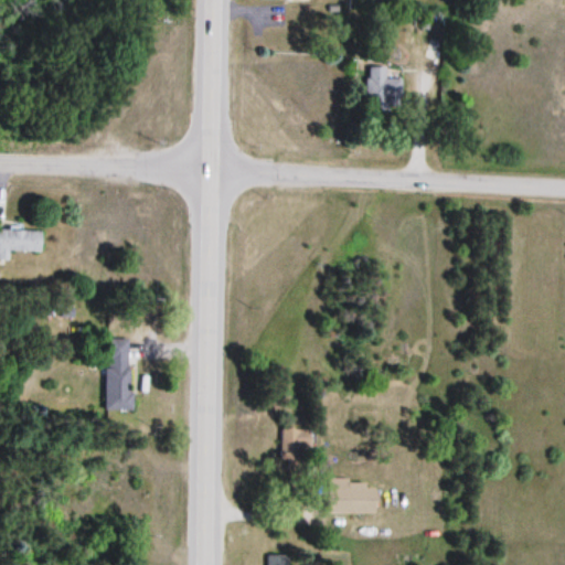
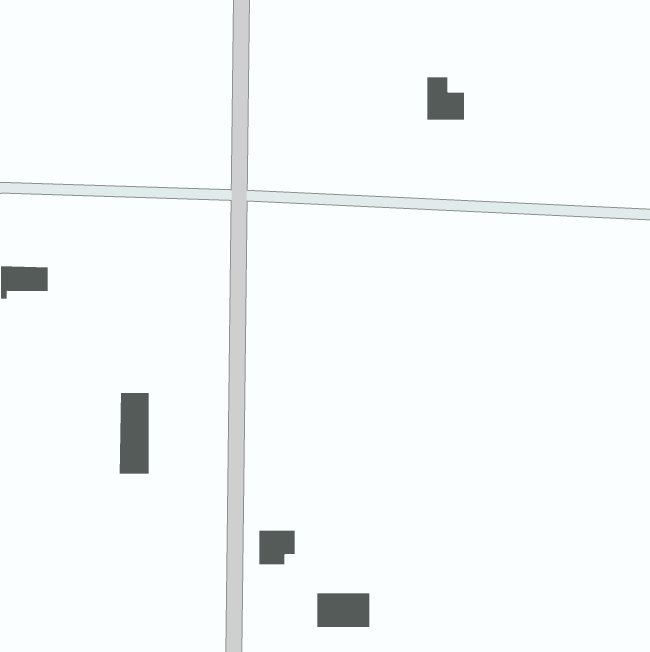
building: [281,429,313,459] -> [258,530,296,565]
building: [333,483,380,513] -> [316,593,370,627]

